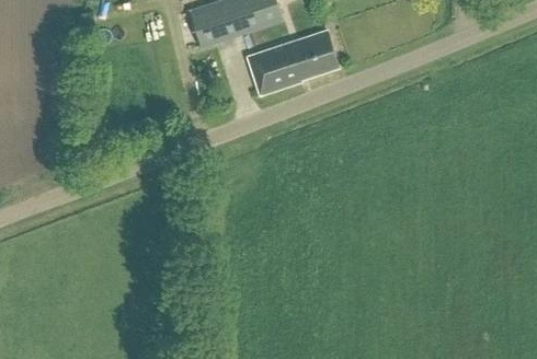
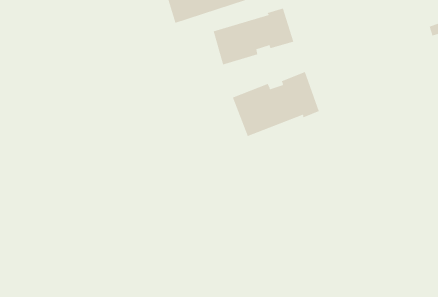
building: none -> [232,71,320,137]

